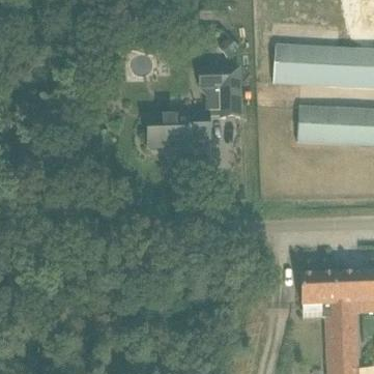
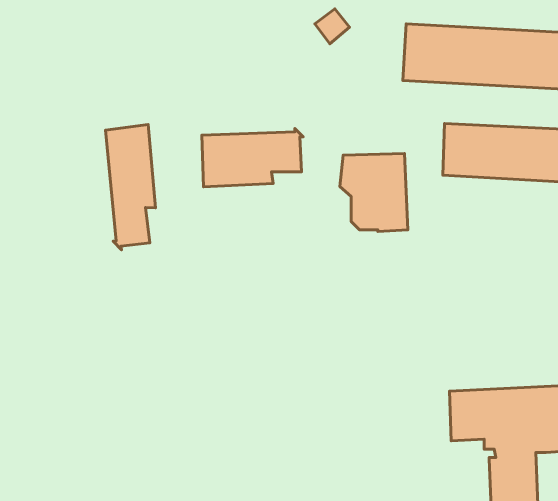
building: [199,68,241,117] -> [340,153,408,231]
building: none -> [105,125,156,250]

